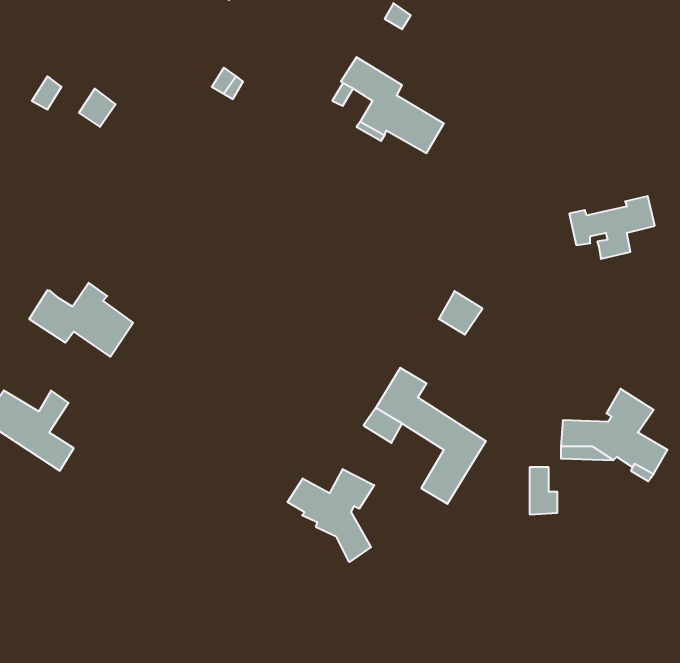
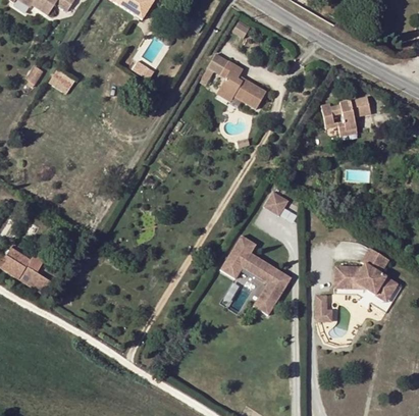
building: [569,196,655,259] -> [320,96,370,133]
building: [29,283,133,357] -> none
building: [288,469,374,562] -> none

